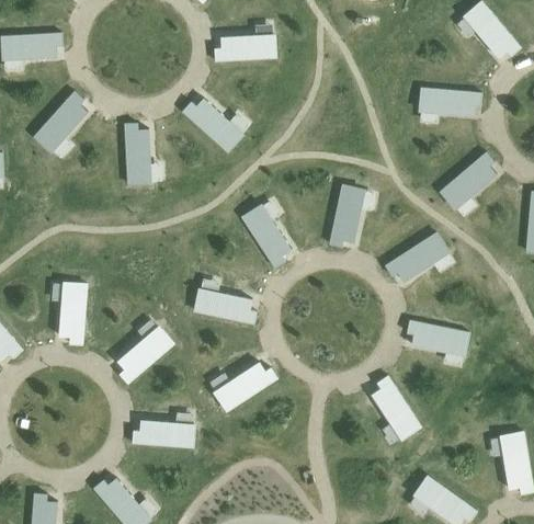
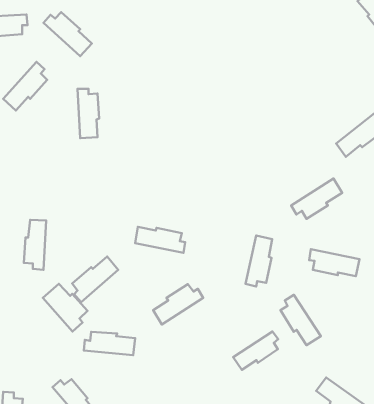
building: [215,34,275,60] -> none
building: [420,87,481,115] -> none
building: [181,98,240,151] -> [43,12,92,56]
building: [329,183,362,246] -> [245,235,272,287]
building: [241,204,291,266] -> none
building: none -> [43,284,87,331]
building: none -> [233,331,278,370]

